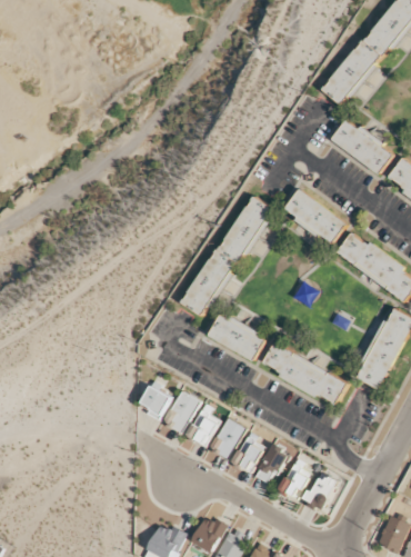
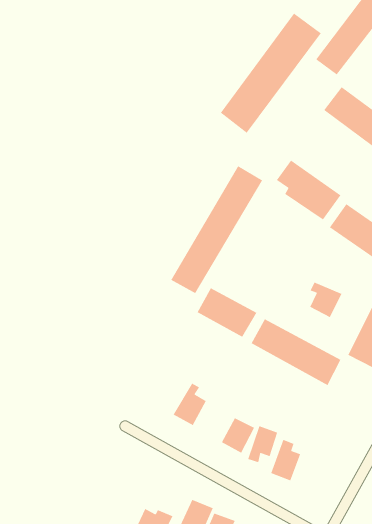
building: none -> [220,12,322,134]
building: none -> [309,281,342,318]
building: [142,386,171,419] -> none
building: [164,391,199,431] -> none
building: [210,417,244,458] -> none
building: [304,473,337,511] -> none

